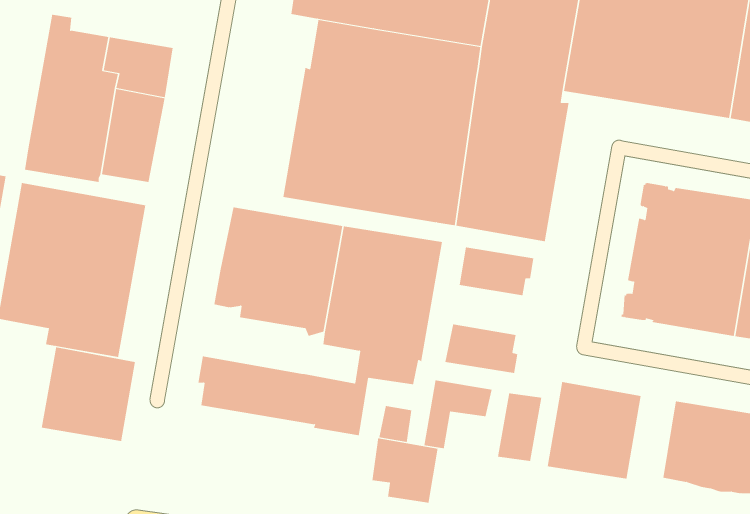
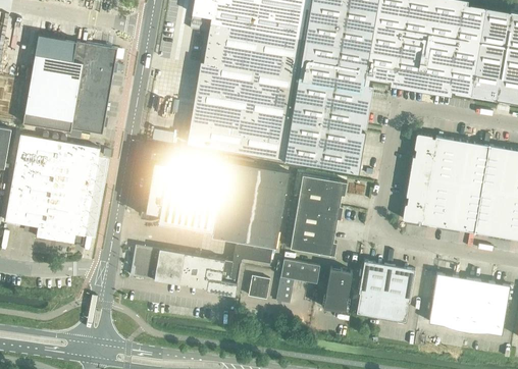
building: none -> [295,200,343,231]
building: [41,346,136,442] -> none
building: [372,438,438,504] -> none

